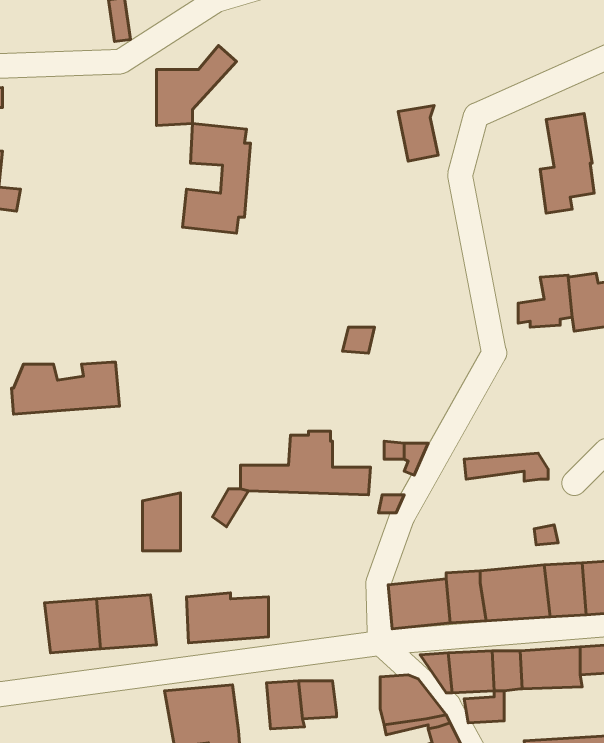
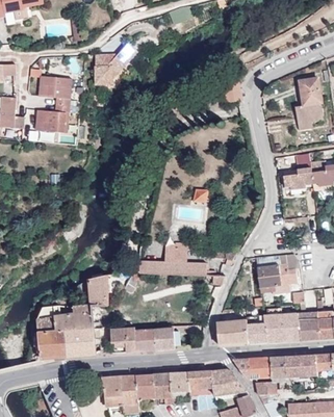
building: [182,123,250,233] -> [35,76,71,133]
building: [11,362,119,414] -> [36,306,93,333]
building: none -> [257,264,298,291]
building: none -> [154,327,175,350]
building: none -> [187,371,212,390]
building: none -> [135,374,155,399]

